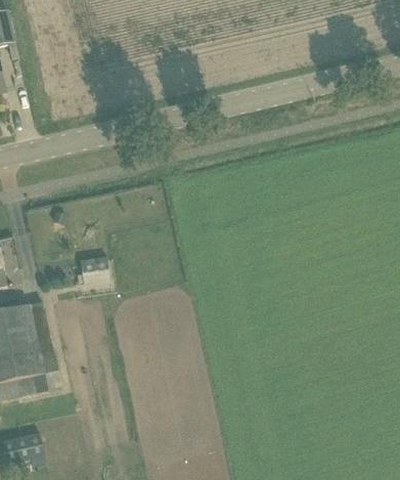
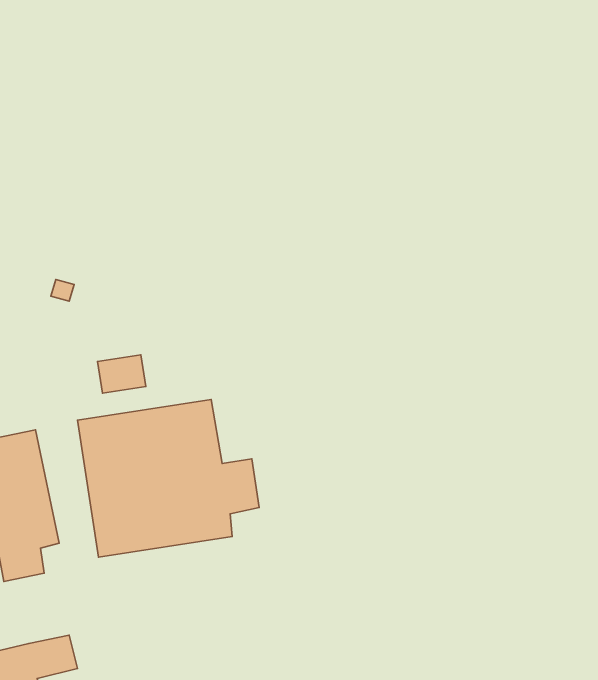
building: none -> [77,399,259,557]

